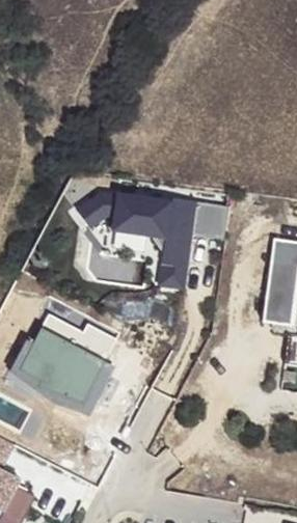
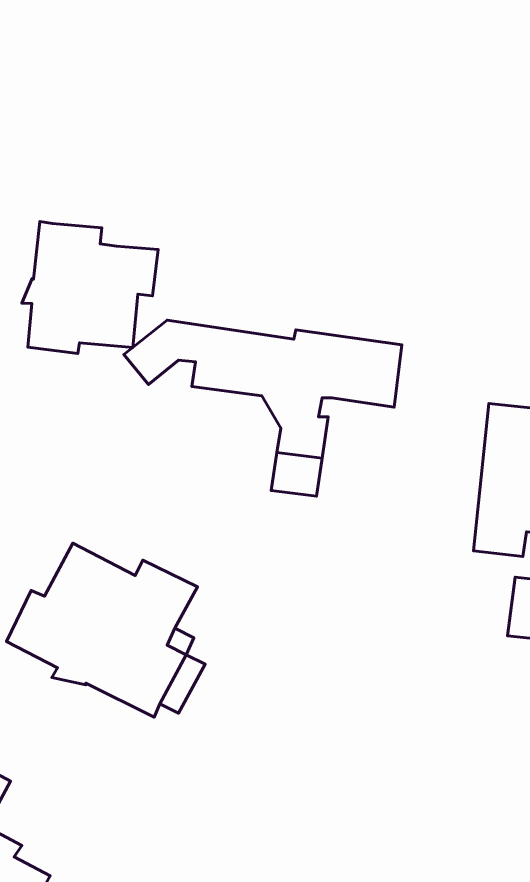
building: none -> [22,221,158,354]

